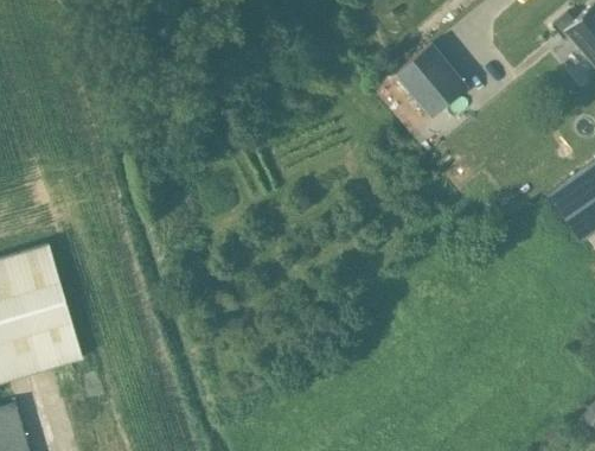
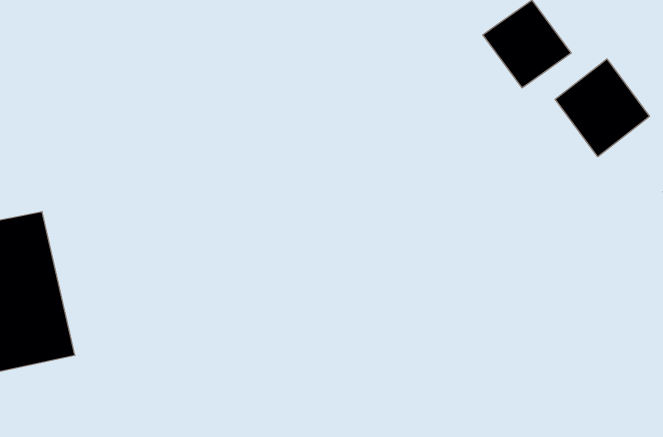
building: none -> [555,59,649,157]

